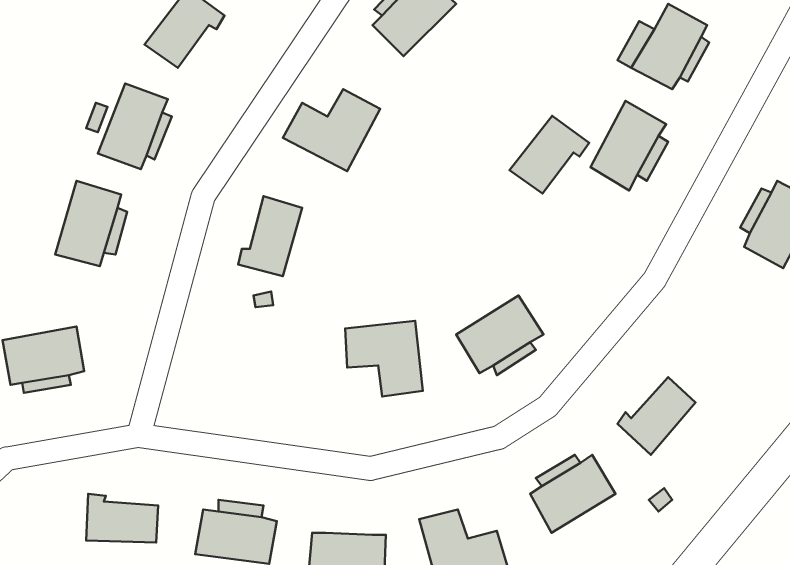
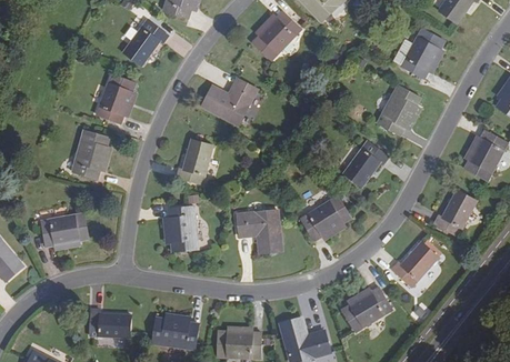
building: [509,116,589,193] -> [342,141,388,185]
building: none -> [433,190,476,235]
building: none -> [167,207,197,251]

